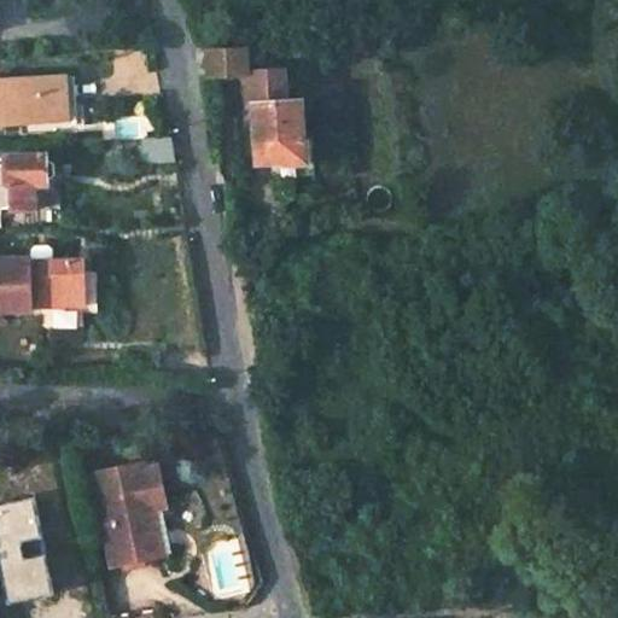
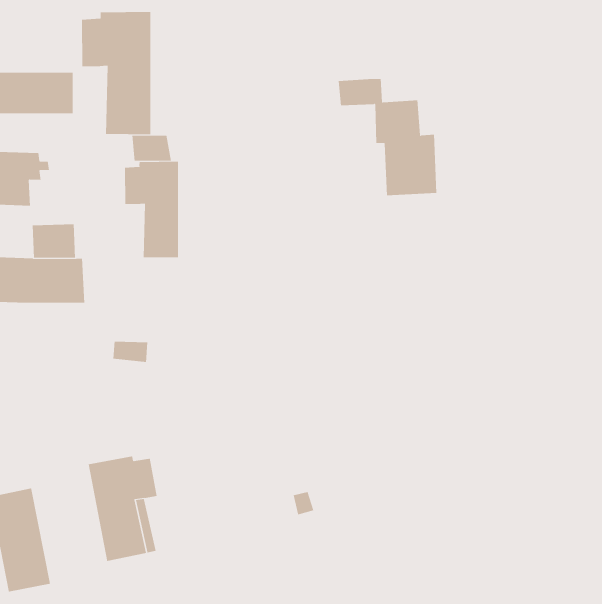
building: none -> [82,11,151,135]
building: [205,47,307,167] -> [338,78,437,196]
building: none -> [124,161,179,258]

